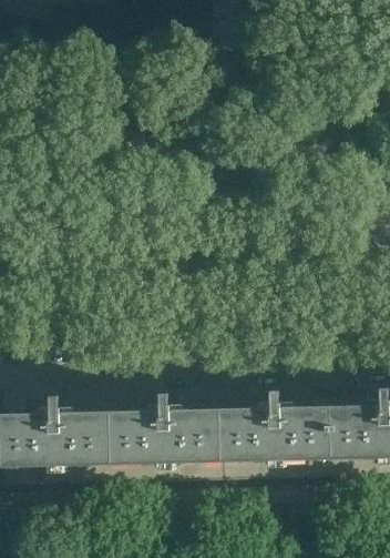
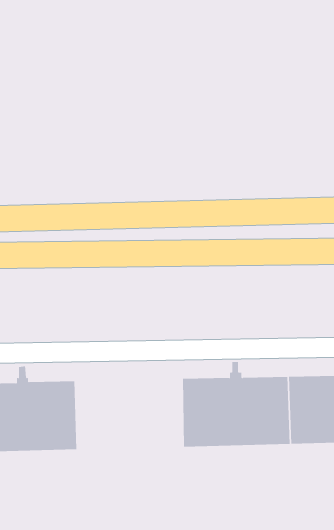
building: [106,378,218,467] -> none

